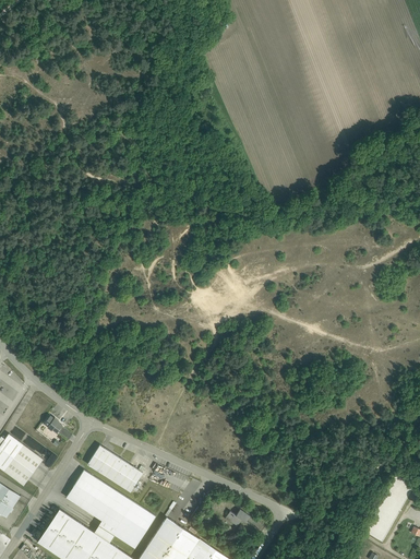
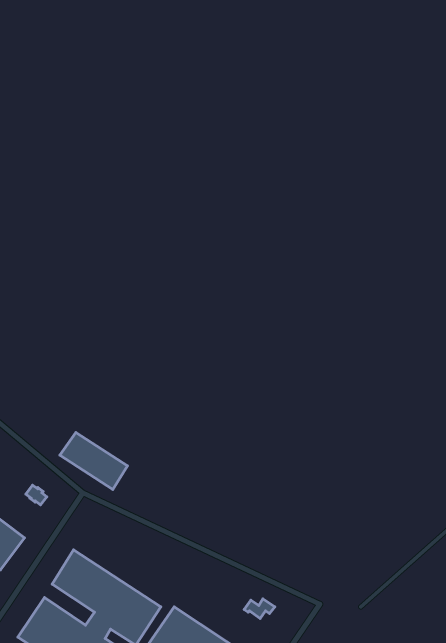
building: [86,447,142,493] -> [60,433,127,489]

